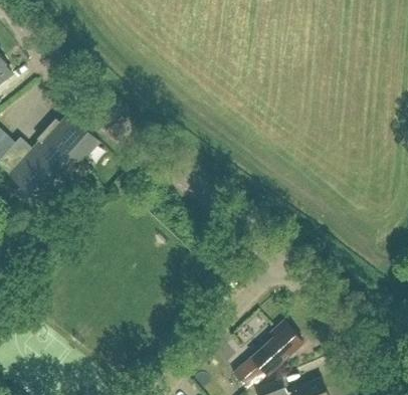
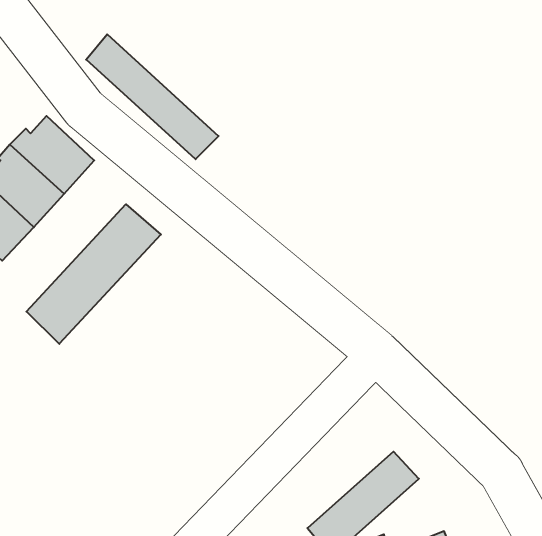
building: none -> [86,34,219,159]
building: none -> [26,204,161,344]

